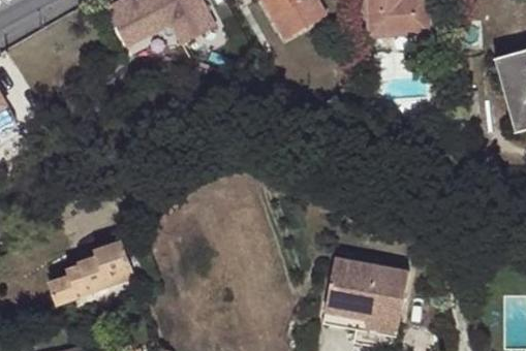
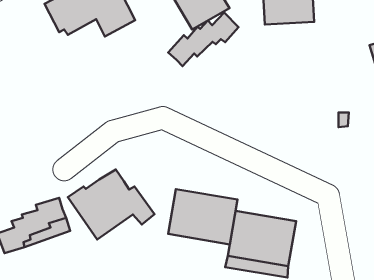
building: none -> [168,13,238,66]
building: none -> [68,169,154,239]
building: none -> [168,189,237,244]

